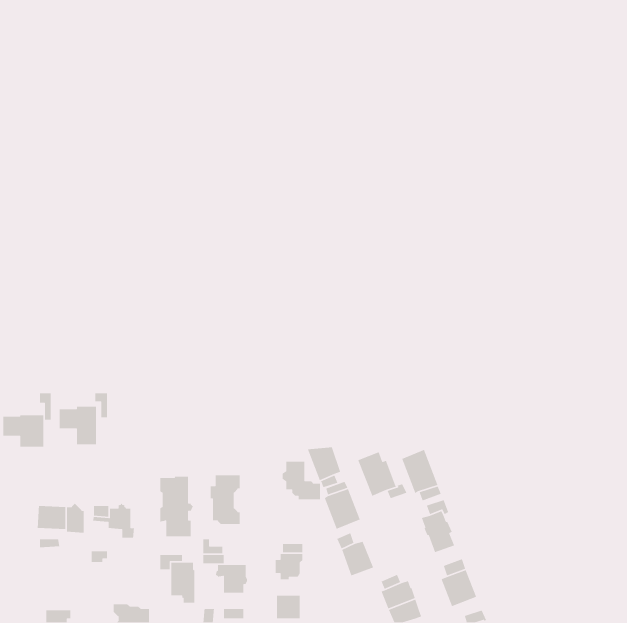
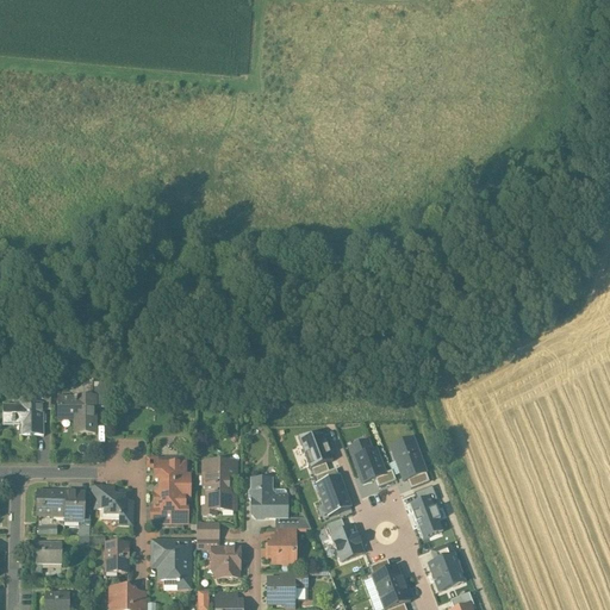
building: [282,461,321,500] -> [248,479,286,517]
building: none -> [35,542,61,564]
building: none -> [105,542,127,572]

